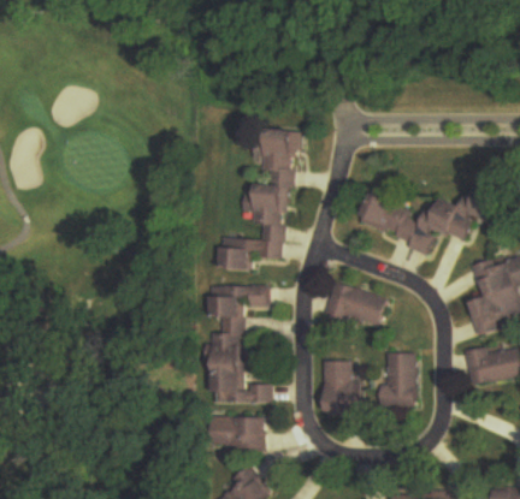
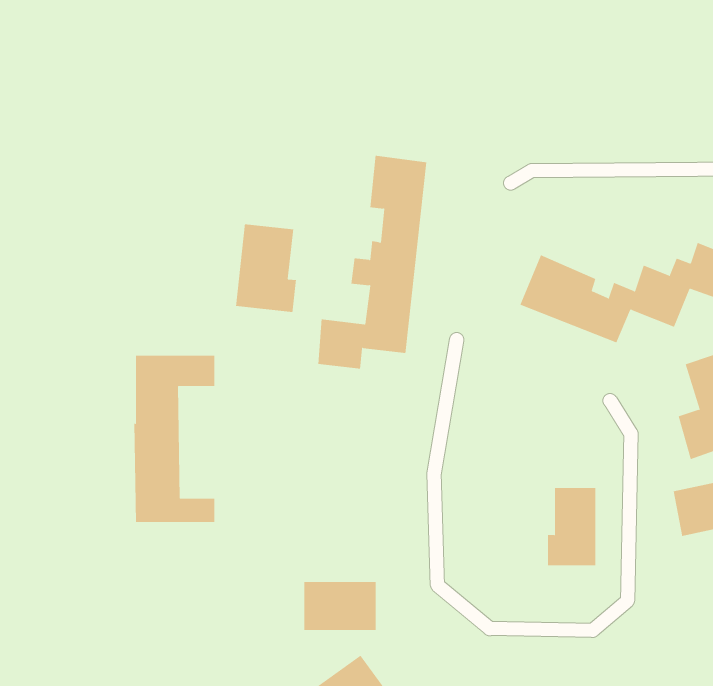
building: none -> [235,223,296,313]
building: [323,281,385,328] -> none
building: [211,286,267,402] -> [133,355,215,522]
building: [323,361,358,412] -> none

